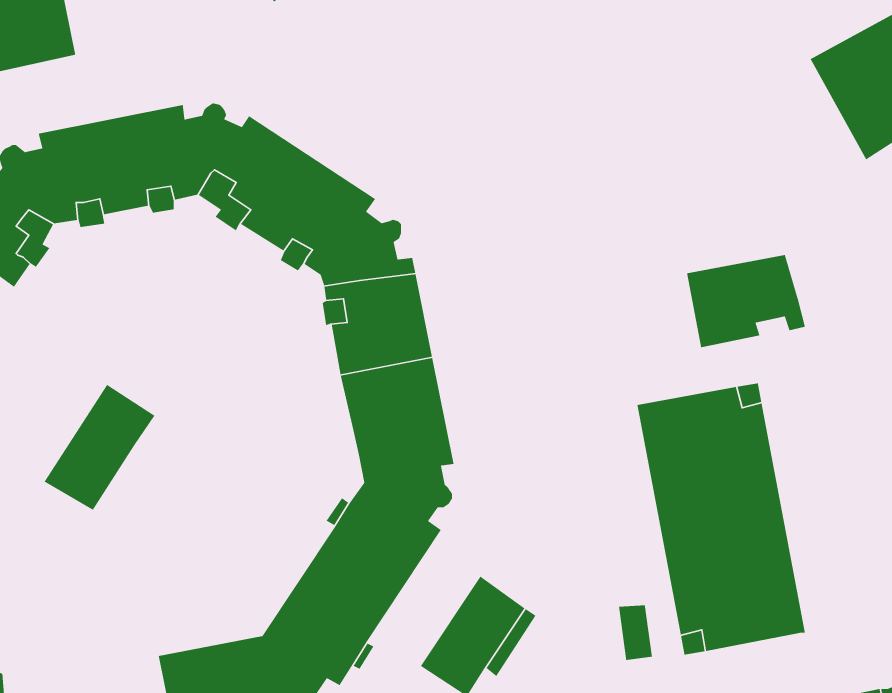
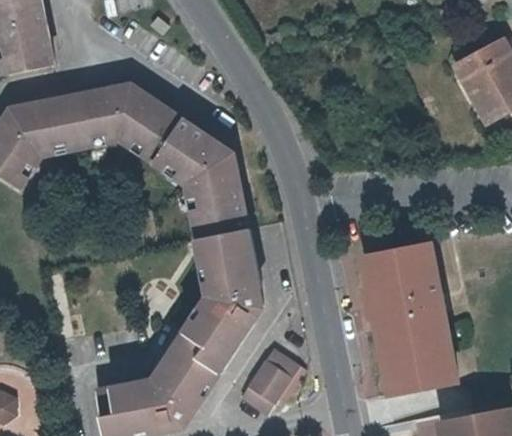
building: [686,254,806,348] -> none
building: [44,384,155,511] -> none

